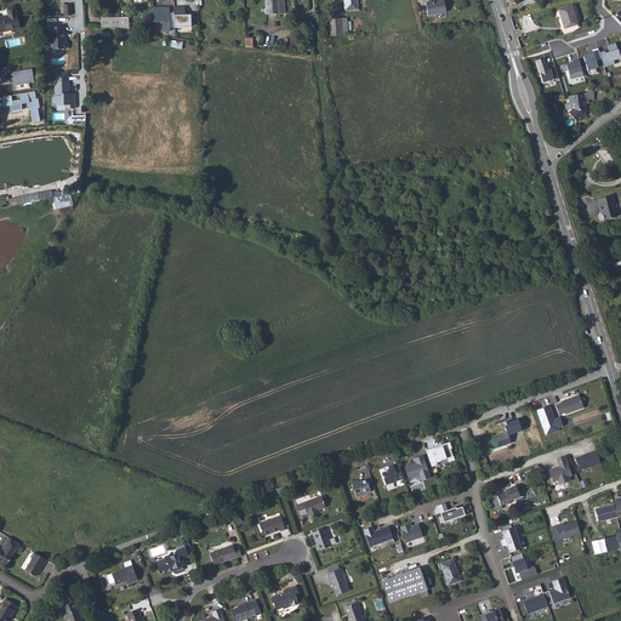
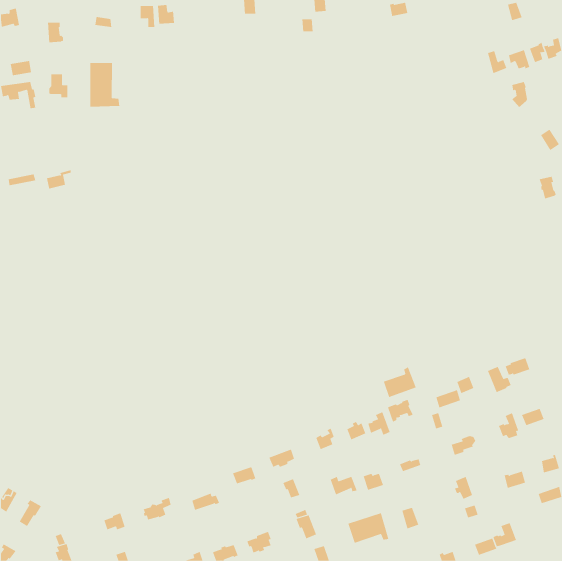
building: none -> [90,62,120,107]
building: none -> [383,366,417,398]

